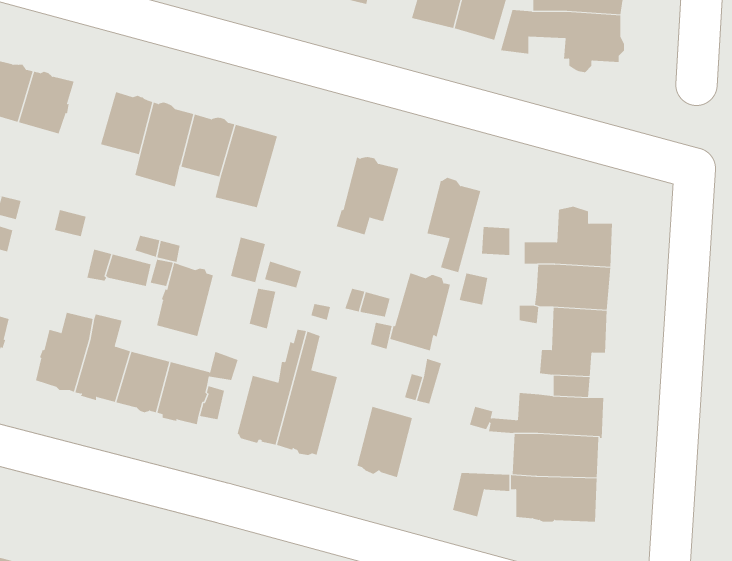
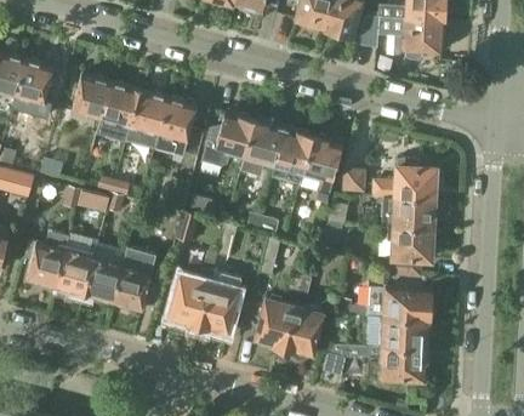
building: none -> [201,113,255,166]
building: [157,262,214,337] -> none
building: [389,273,451,351] -> [270,129,314,184]
building: none -> [284,306,324,355]

